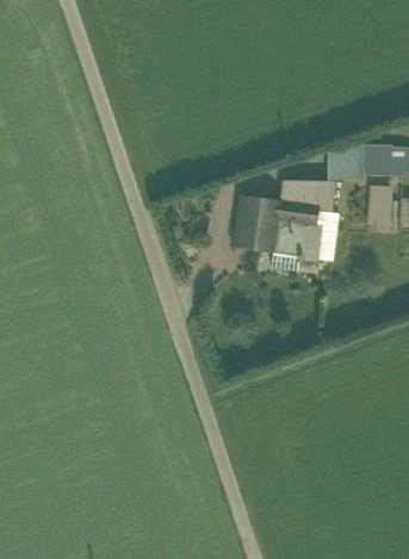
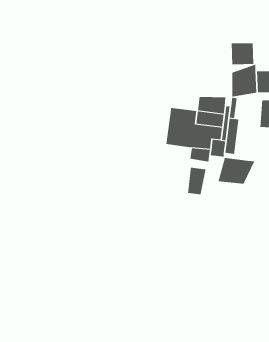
building: none -> [231,42,254,65]
building: none -> [218,157,255,184]
building: none -> [188,167,206,195]

